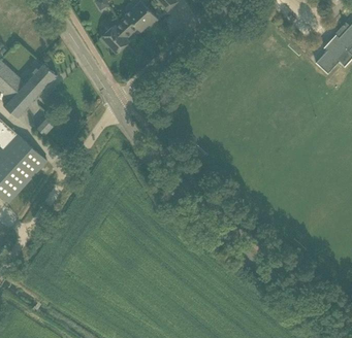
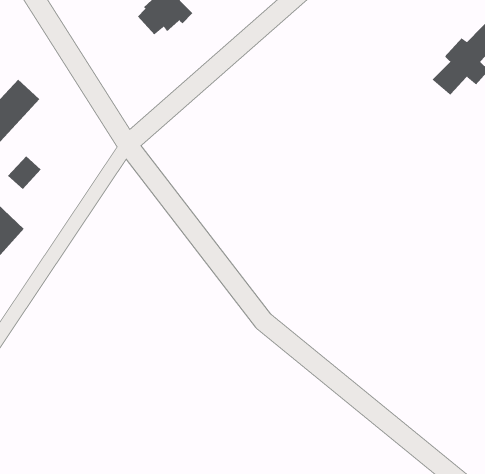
building: [99,21,132,54] -> none

